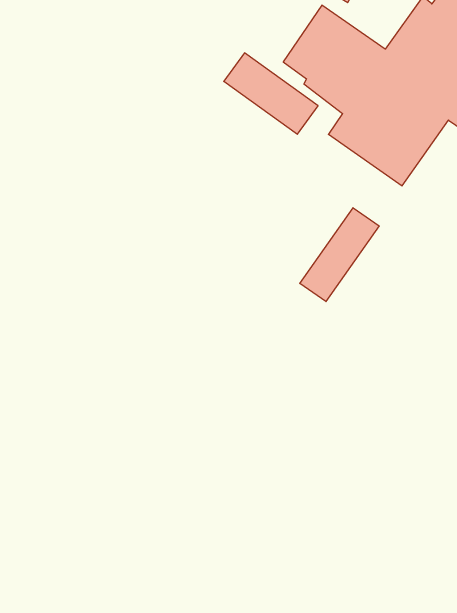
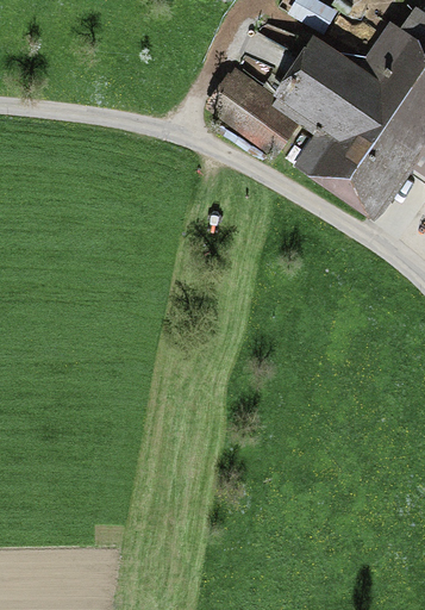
building: [300,208,379,302] -> none

